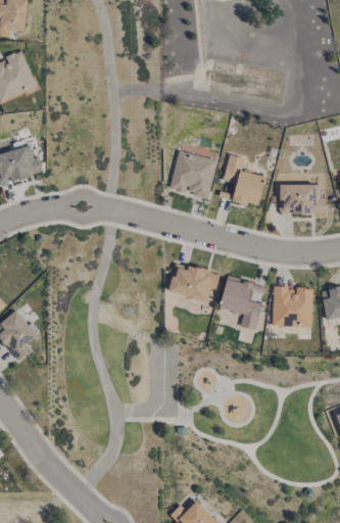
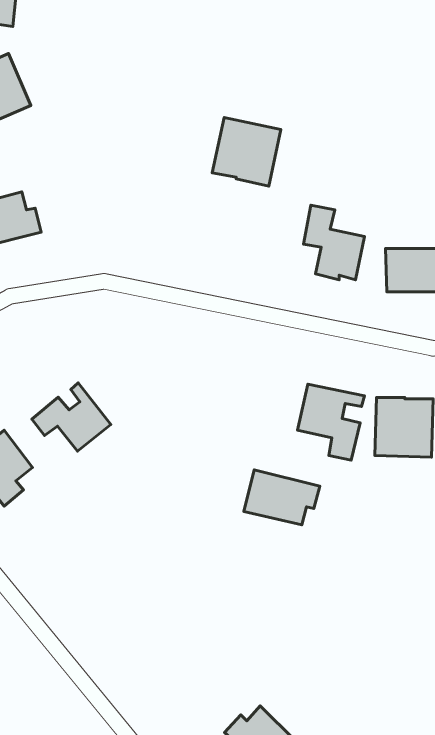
building: [171,151,217,198] -> [212,118,281,186]
building: [168,263,221,300] -> [244,470,320,525]
building: none -> [32,383,111,451]

